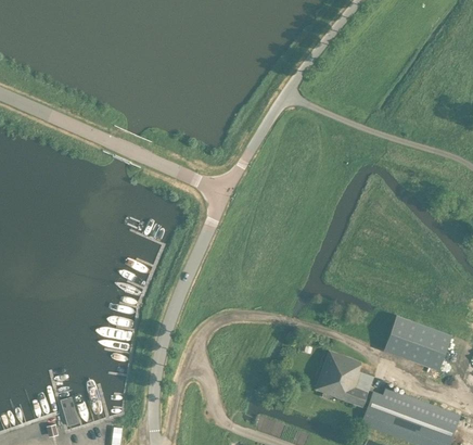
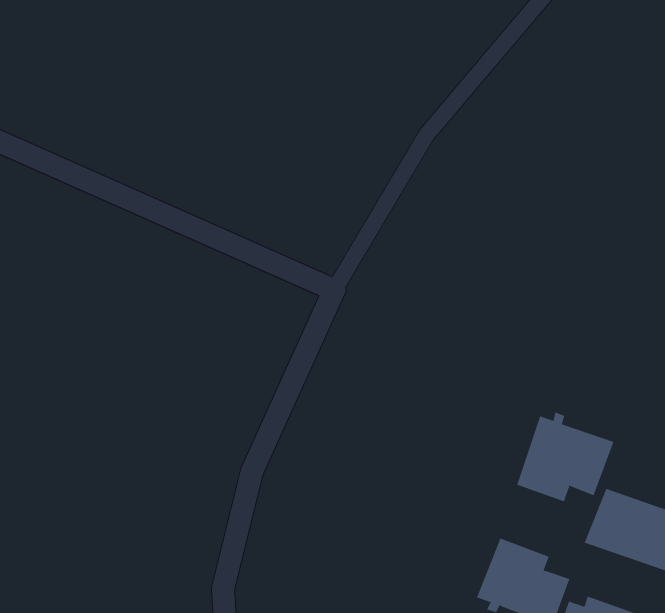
building: none -> [516,412,614,502]

